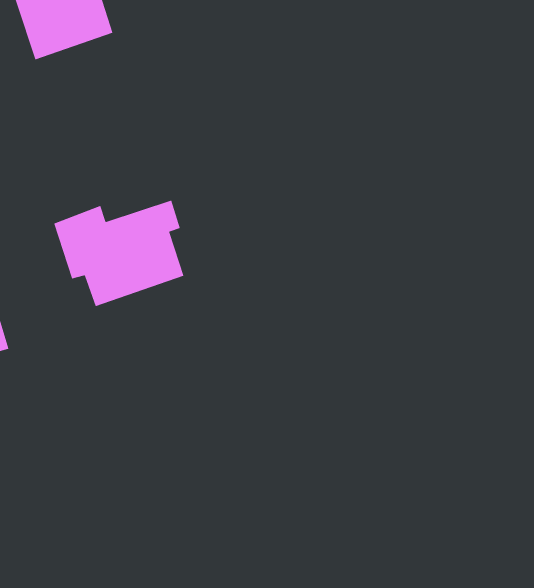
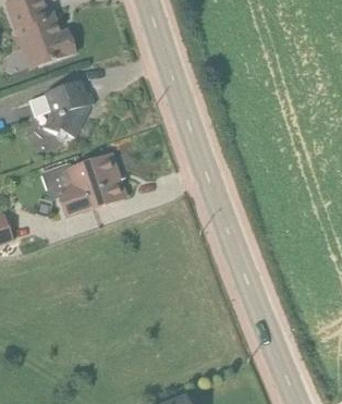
building: none -> [44,79,95,138]

